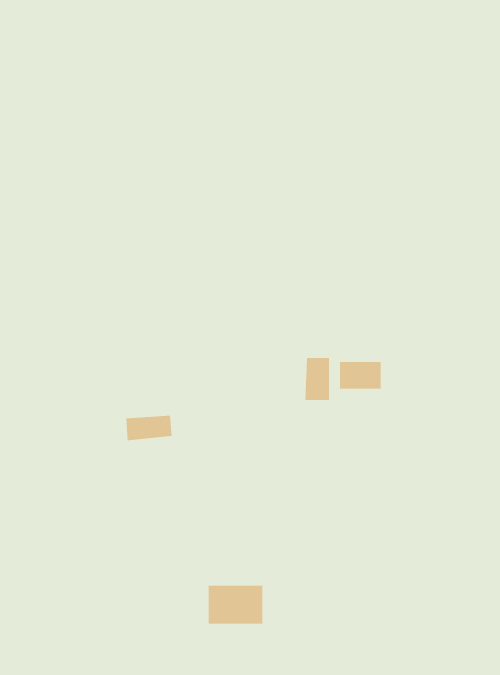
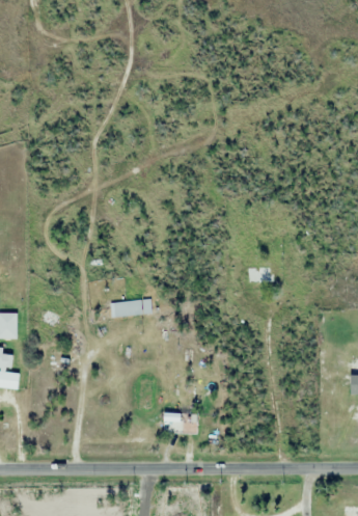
building: [305,357,329,401] -> none

